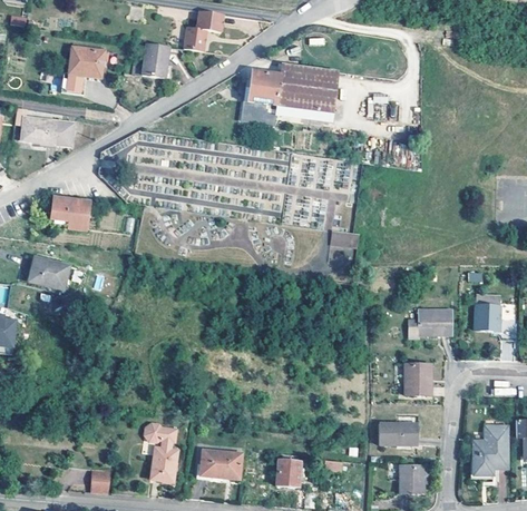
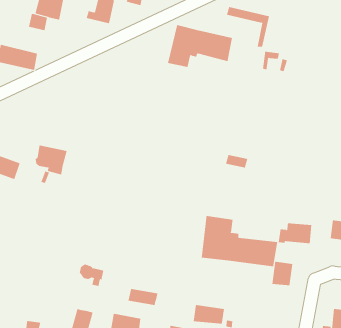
building: [280,62,336,111] -> [226,6,270,47]
building: [50,196,91,233] -> [35,145,67,175]
building: none -> [201,215,278,267]
building: none -> [128,288,158,306]
building: [144,422,176,450] -> [79,264,104,287]
building: [379,423,419,445] -> [193,304,225,324]

